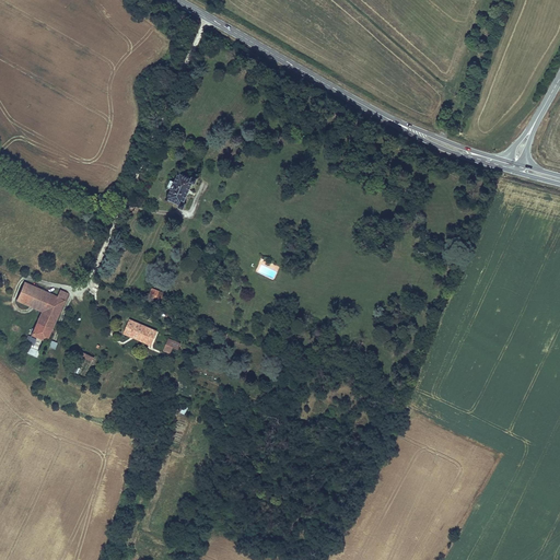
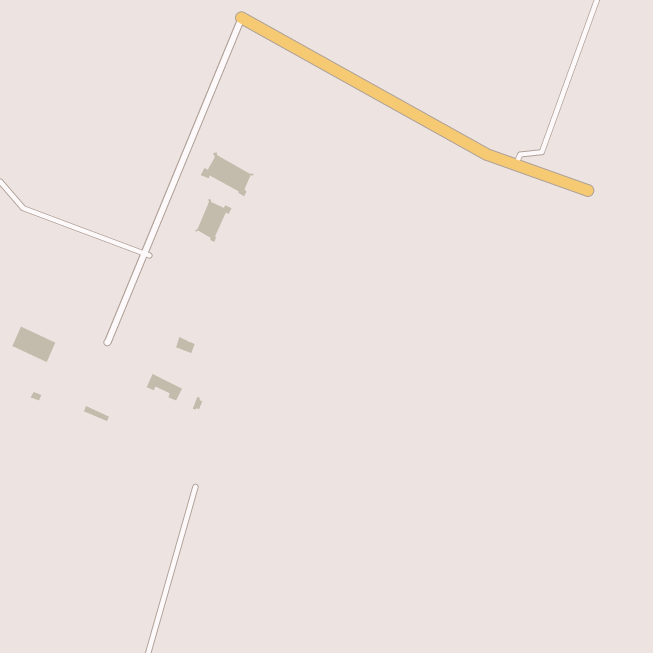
building: none -> [200,152,254,197]
building: [32,288,68,341] -> none

